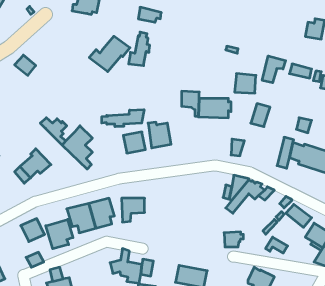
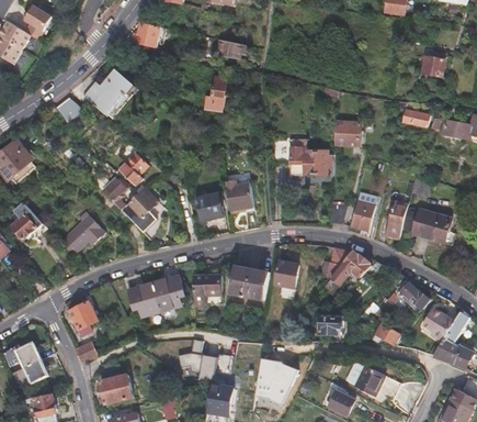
building: [89,36,130,72] -> [84,69,135,113]
building: [262,56,286,83] -> none
building: none -> [109,149,145,181]
building: [251,104,270,127] -> [350,201,374,230]
building: [102,110,144,127] -> none
building: none -> [273,260,298,287]
building: none -> [228,264,270,299]
building: [46,219,73,249] -> none

